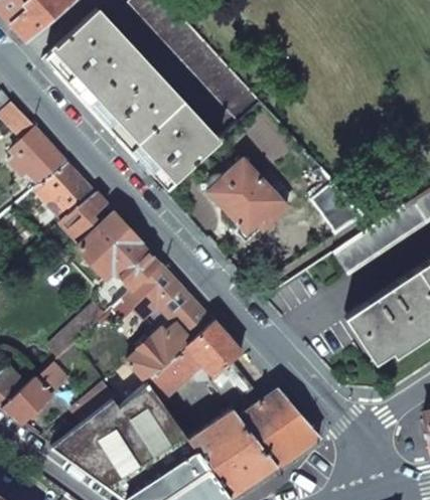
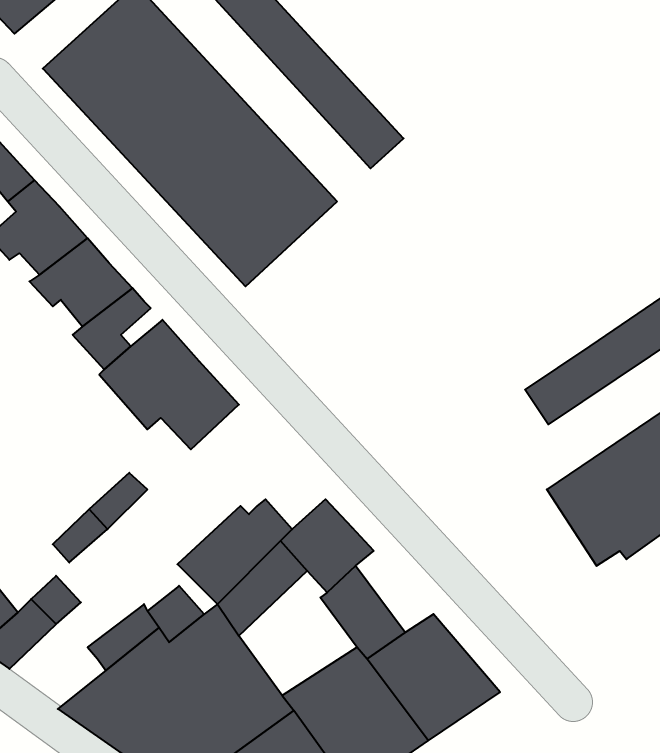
building: [205,159,288,244] -> none
building: [124,264,213,339] -> none

